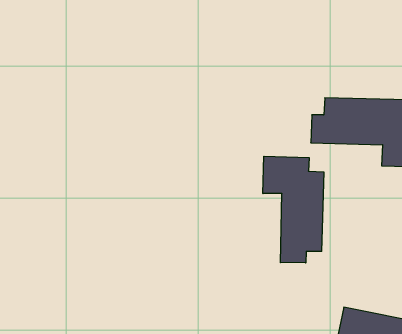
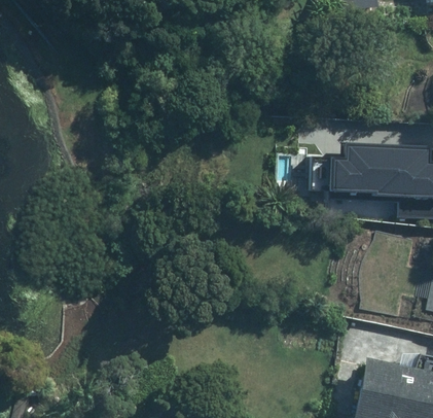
building: [263,156,324,263] -> none

